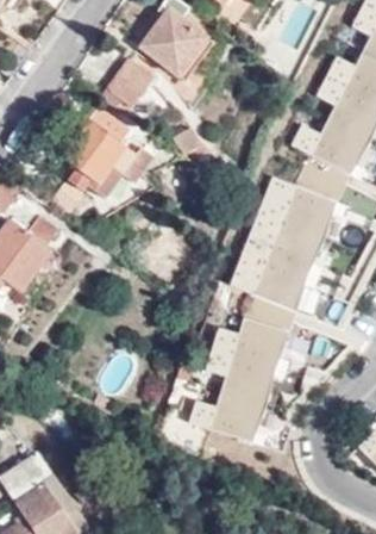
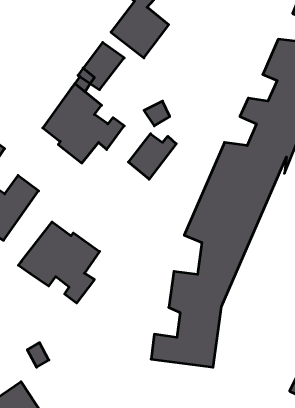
building: none -> [128,134,176,179]
building: none -> [18,222,100,303]

